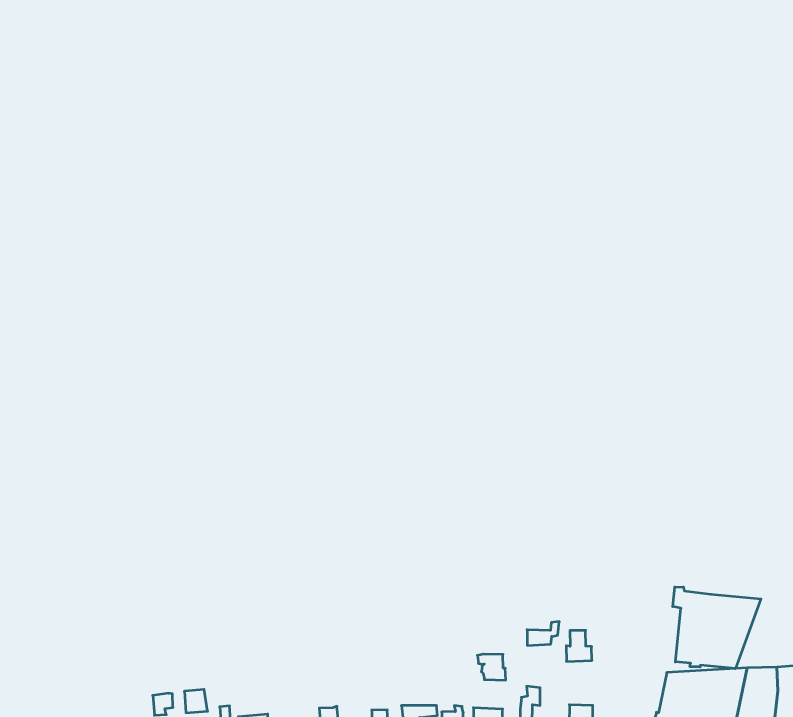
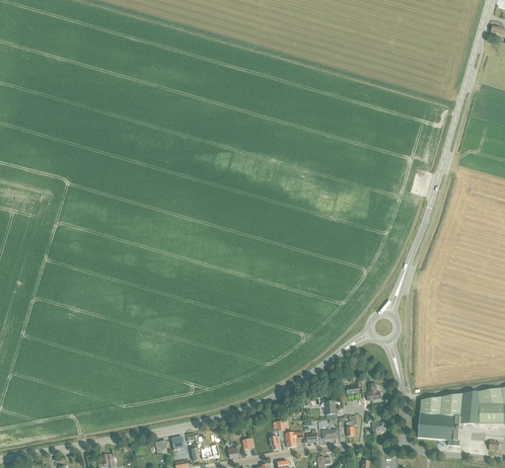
building: [673,587,761,669] -> none

